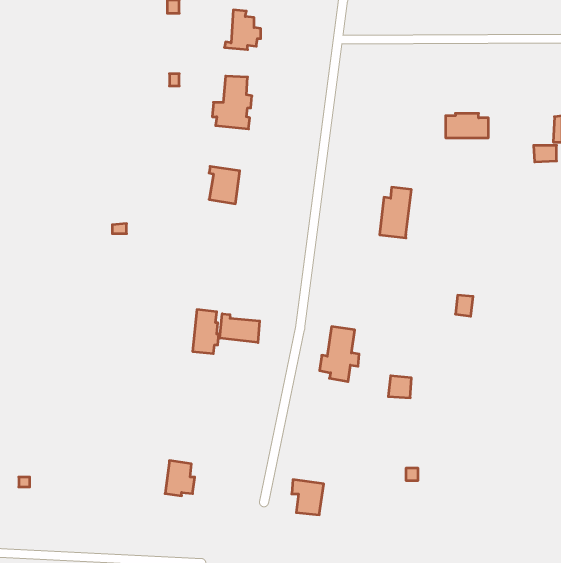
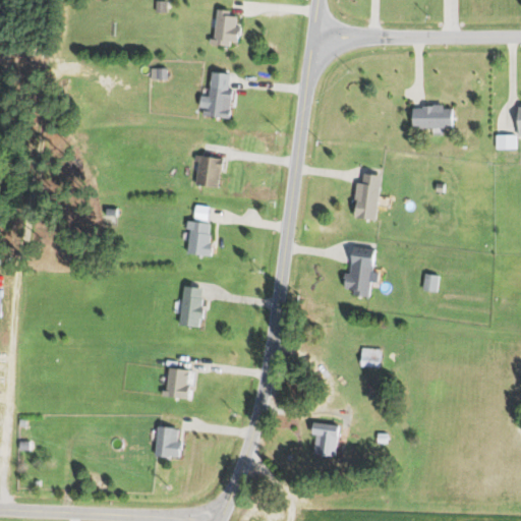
building: none -> [185,220,213,255]
building: [220,314,260,343] -> none
building: [320,327,359,382] -> [343,246,380,297]
building: none -> [161,368,190,399]
building: [292,480,324,515] -> [310,421,340,454]

